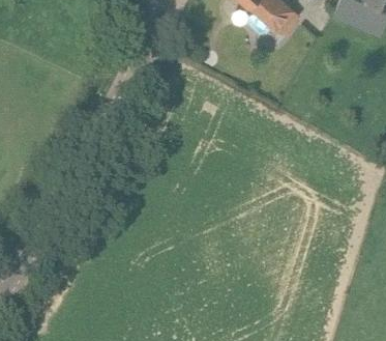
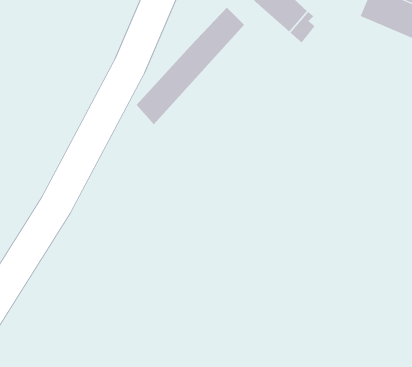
building: none -> [136,7,245,125]

